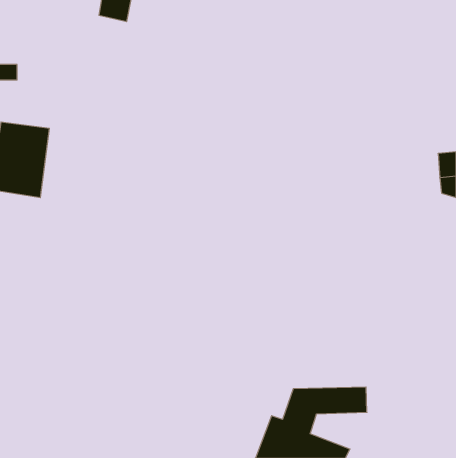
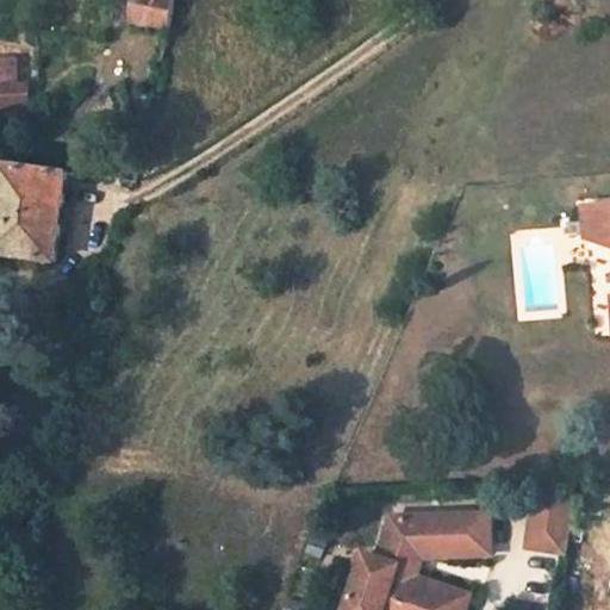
building: none -> [527,490,572,552]

